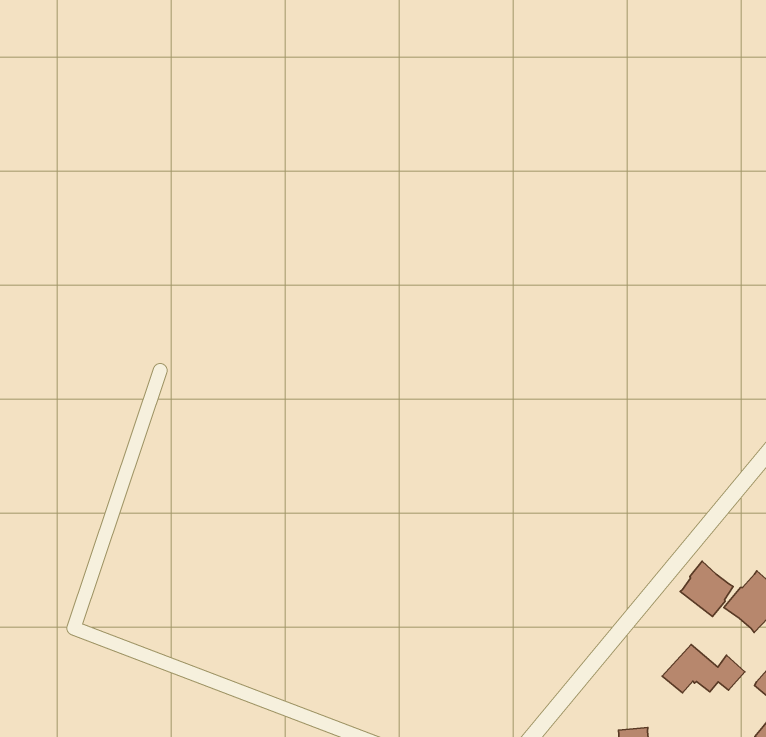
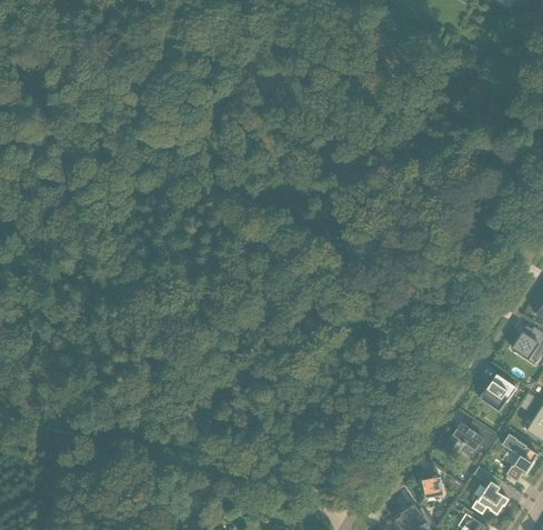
building: [680,561,733,617] -> none

